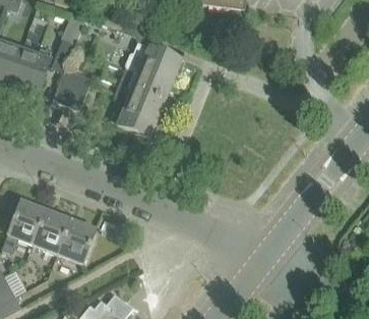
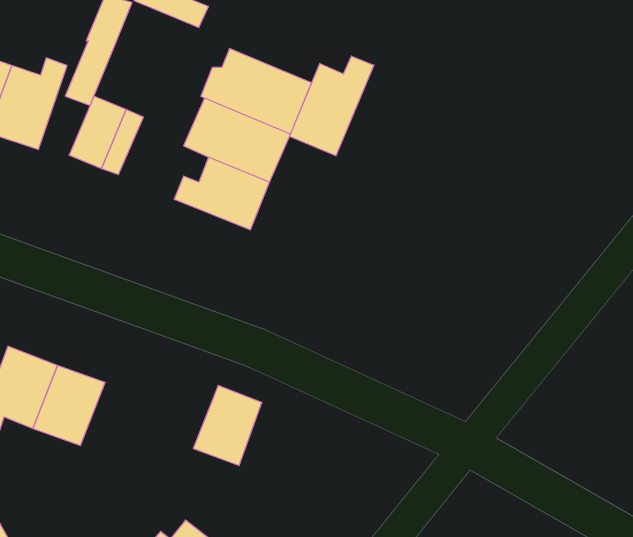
building: none -> [290,56,374,156]
building: [58,219,95,262] -> [193,385,262,466]

